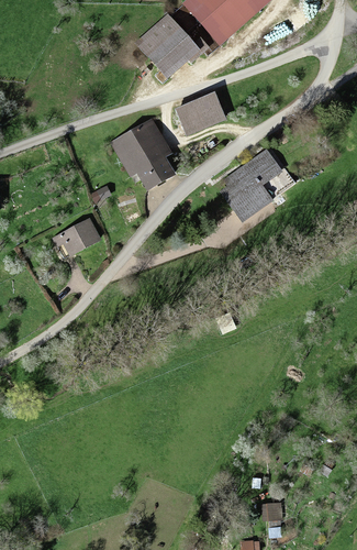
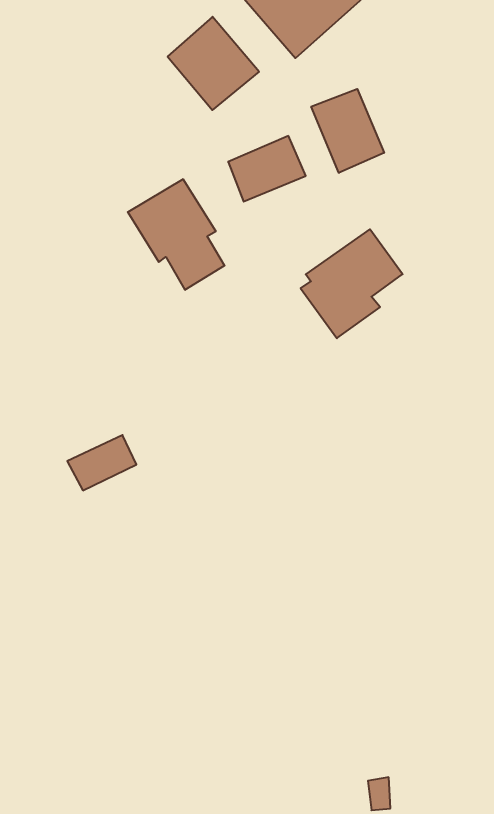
building: none -> [311,89,384,173]
building: [54,220,98,255] -> [67,435,136,490]

